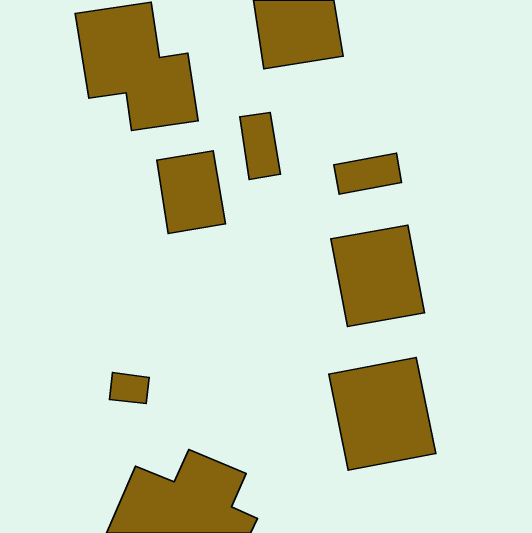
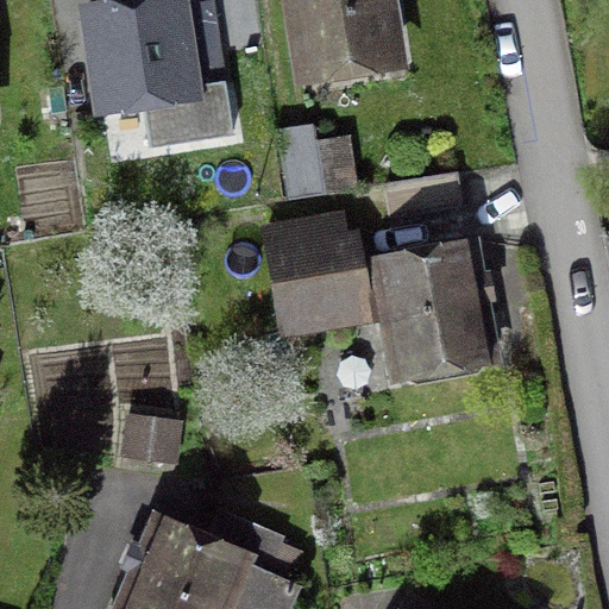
building: [157,151,226,233] -> [271,234,350,328]
building: [329,357,436,470] -> none

